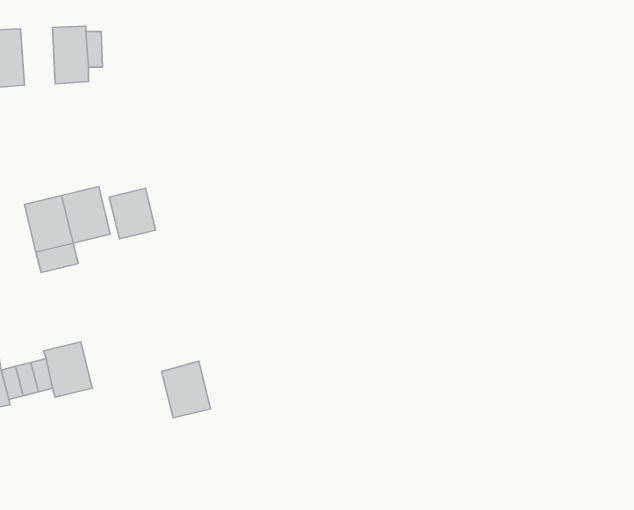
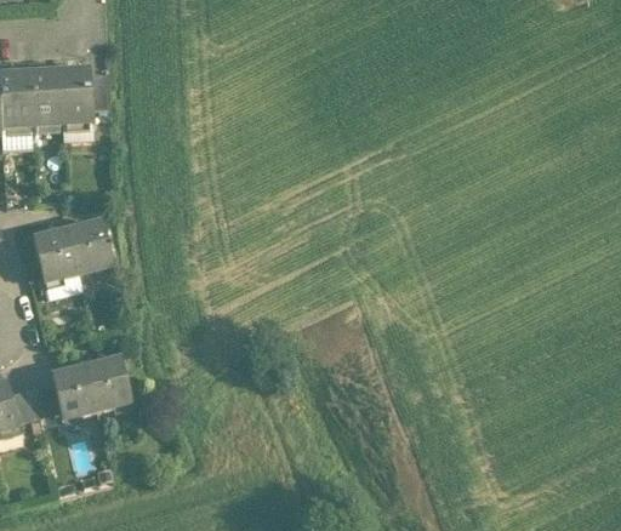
building: none -> [29,69,62,124]
building: [109,188,156,239] -> none
building: [162,361,210,418] -> [86,356,132,410]

